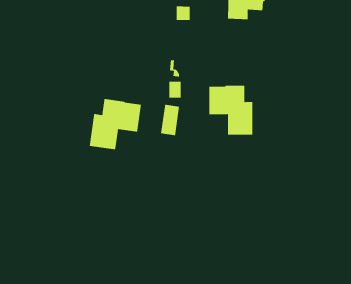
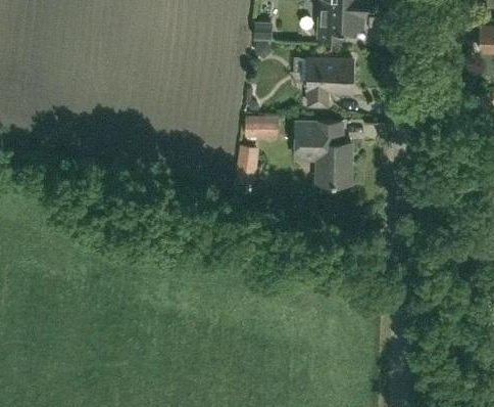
building: none -> [309,59,355,106]
building: [89,98,141,150] -> none

